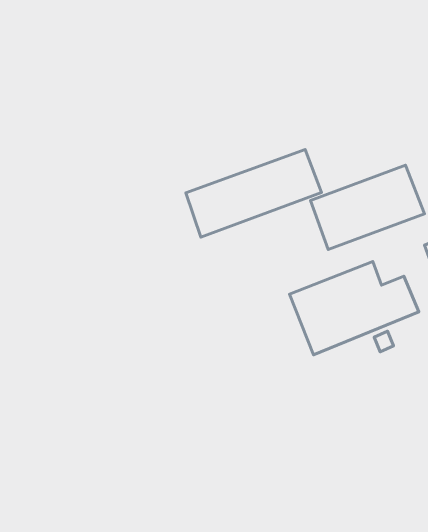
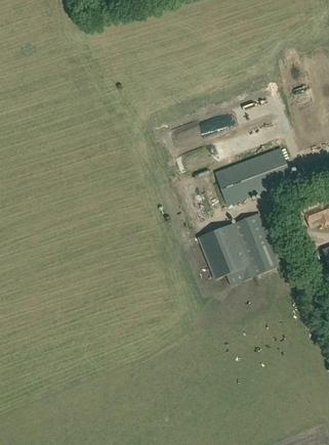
building: [186,149,321,237] -> none

